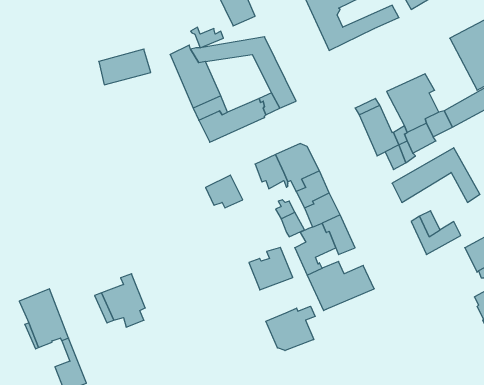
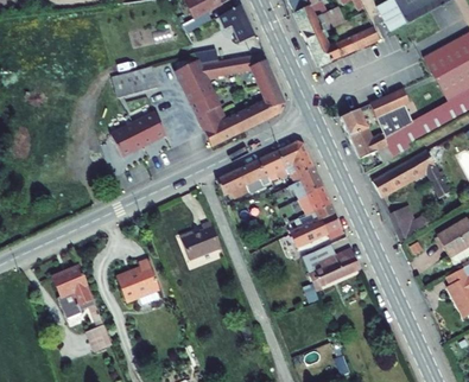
building: none -> [114,108,170,151]
building: none -> [233,163,266,193]
building: [249,247,293,290] -> [180,224,218,261]
building: [266,306,315,351] -> none

